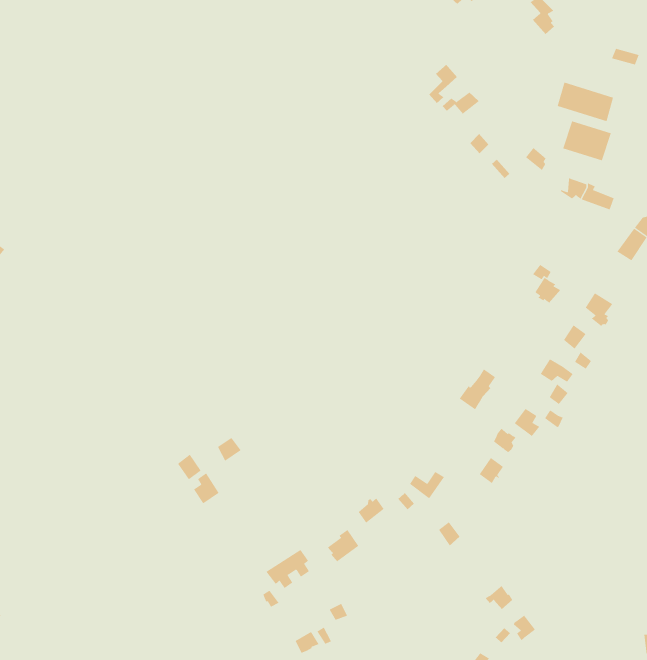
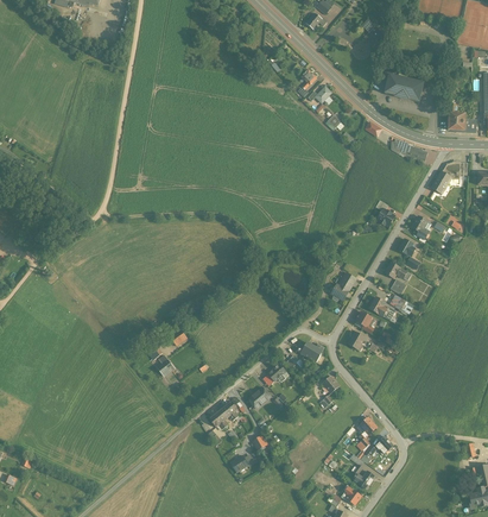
building: [563,121,612,161] -> none

